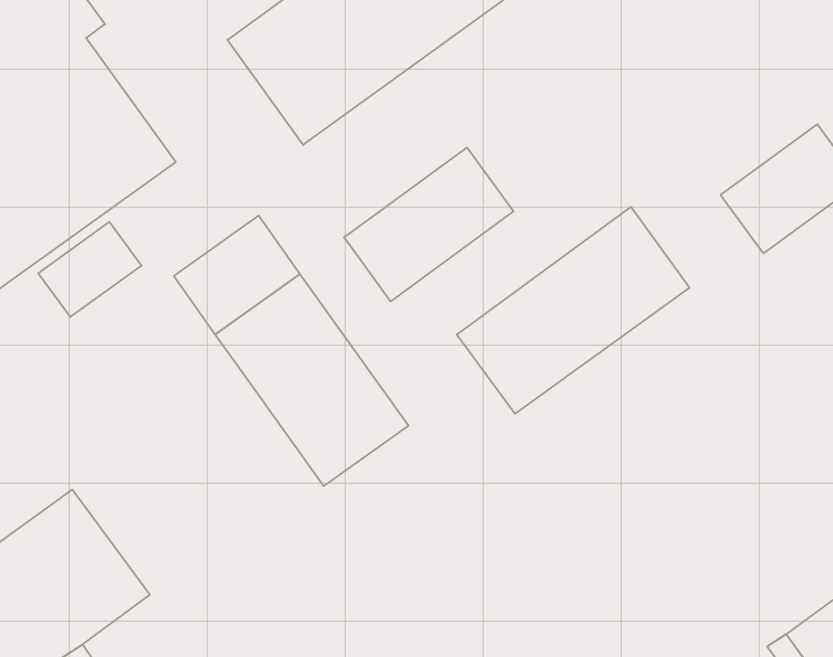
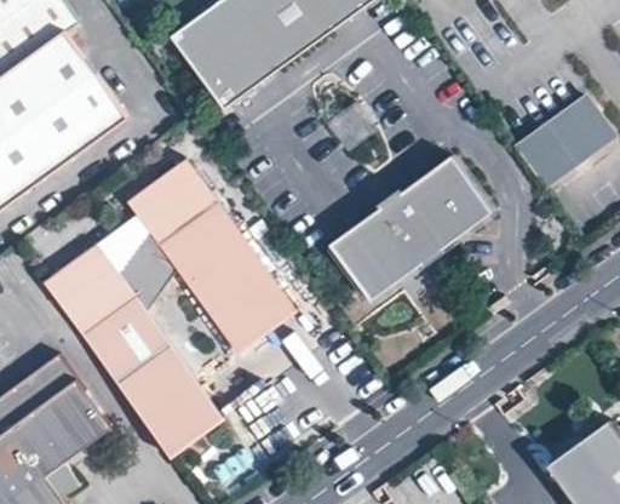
building: [344,147,514,301] -> none
building: [38,222,142,317] -> none
building: none -> [42,240,222,454]

